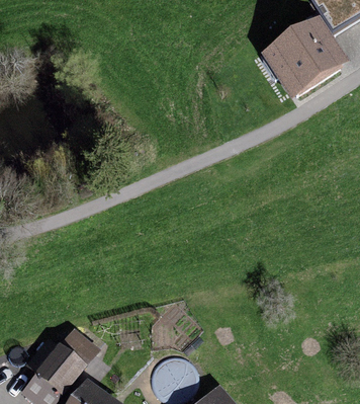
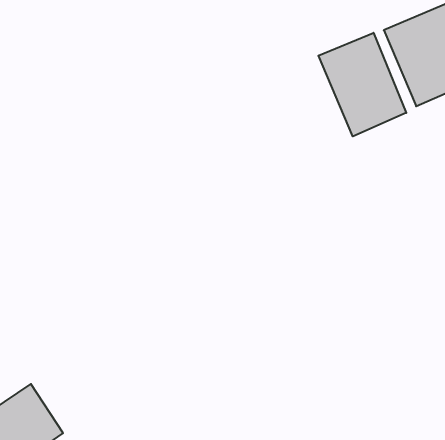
building: none -> [318,33,406,136]

